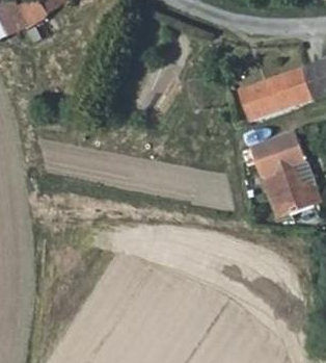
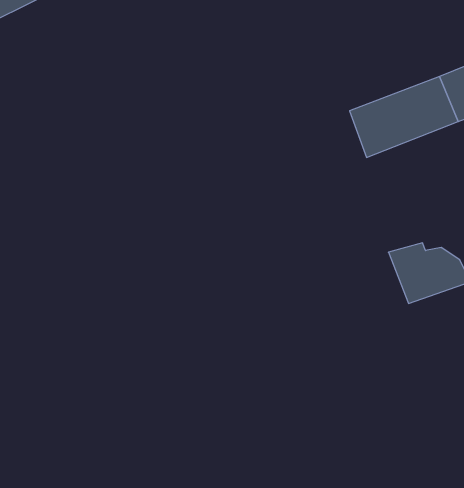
building: [252,131,306,185] -> none

